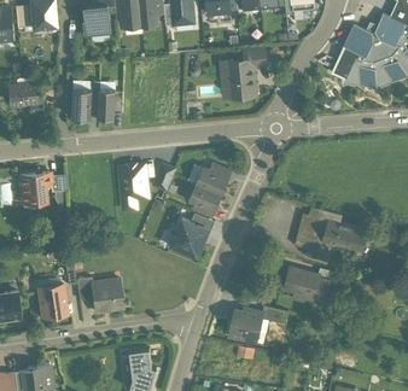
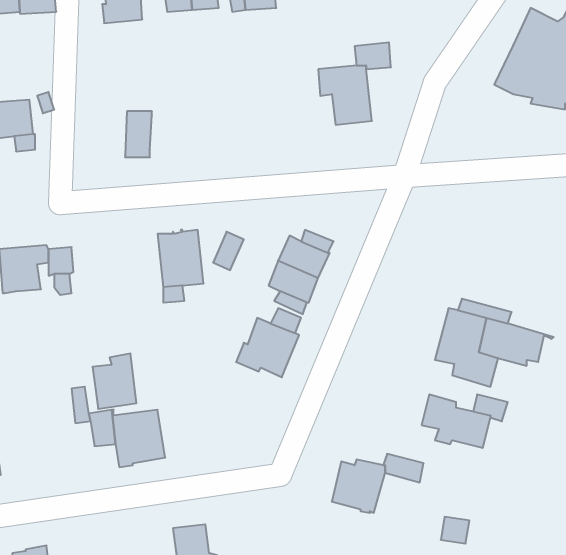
building: [71,89,91,121] -> none
building: [37,284,65,319] -> [92,354,136,409]

